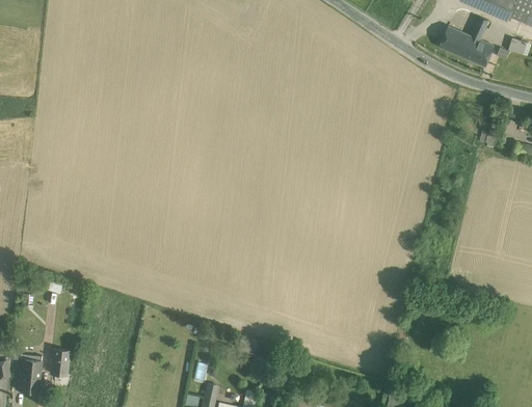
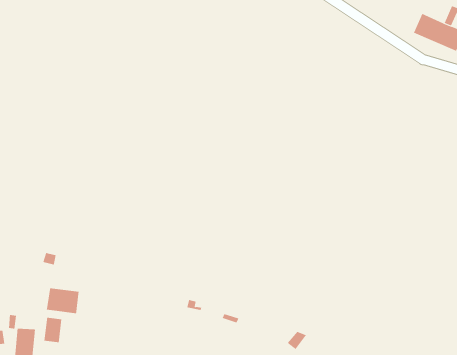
building: none -> [46,287,79,314]

